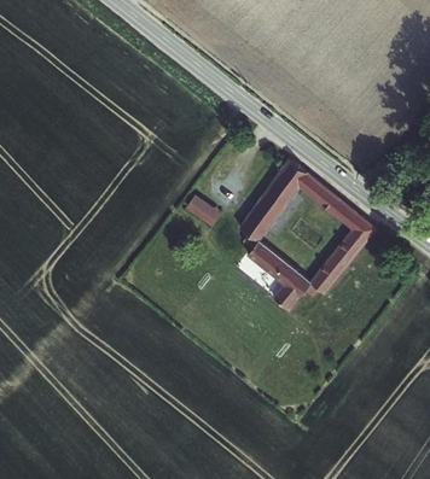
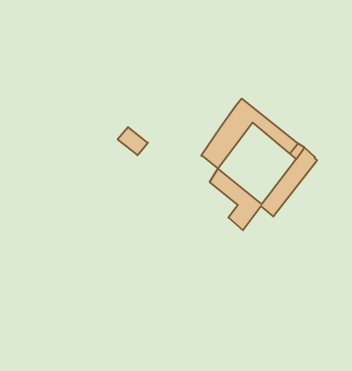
building: [187,193,222,226] -> [118,127,148,155]

